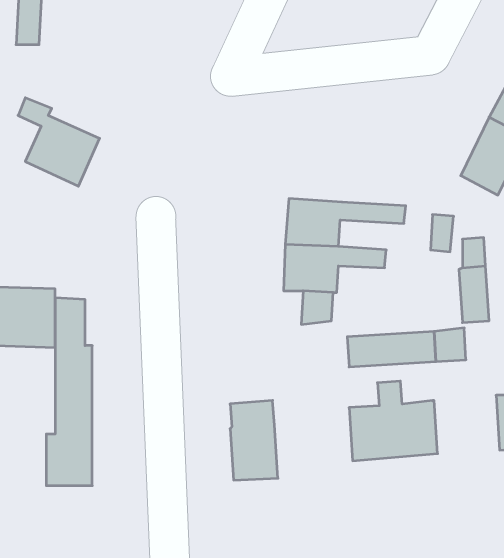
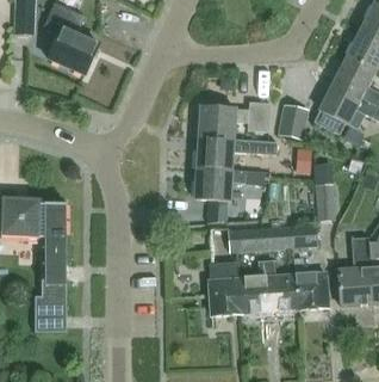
building: [18,98,100,186] -> [44,16,99,75]
building: none -> [199,101,272,140]
building: none -> [275,104,307,140]
building: none -> [294,258,328,309]
building: [230,400,278,480] -> [210,261,242,315]

